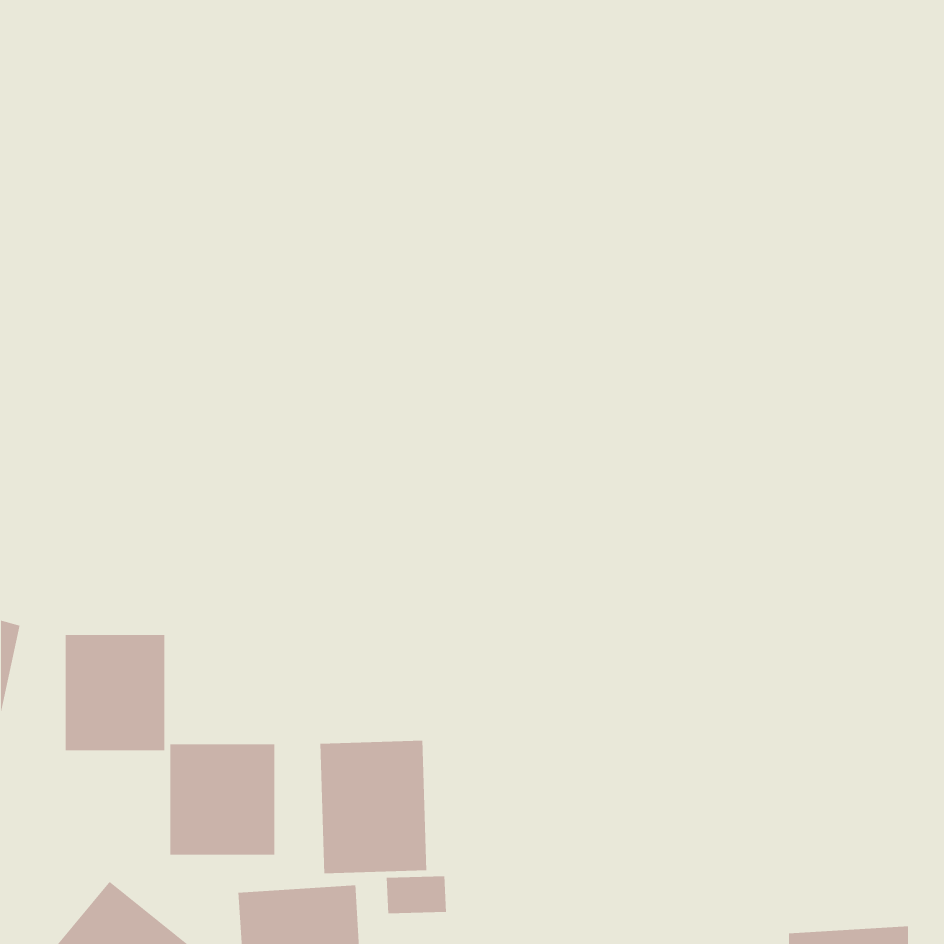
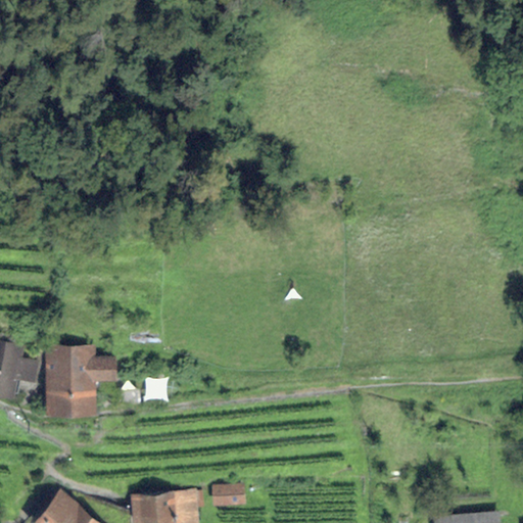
building: [319,740,427,874] -> none
building: [169,743,275,856] -> none

